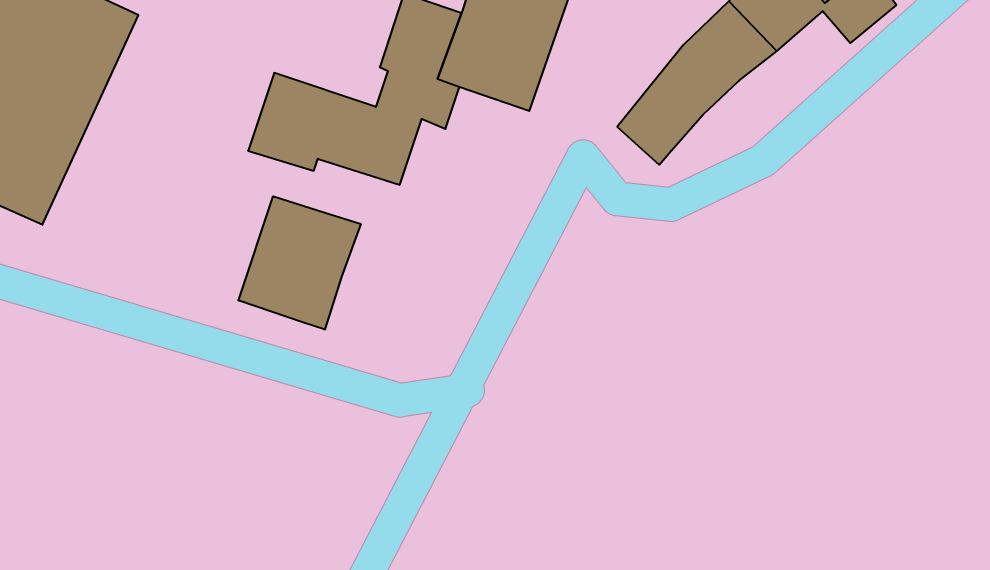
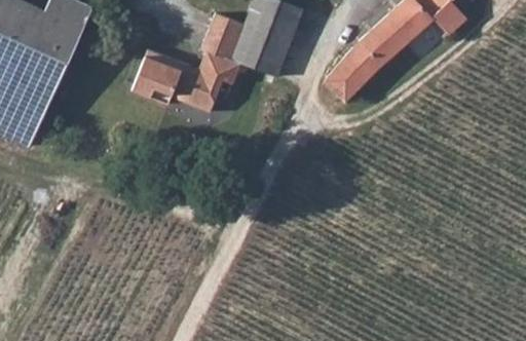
building: [238,196,361,330] -> none

